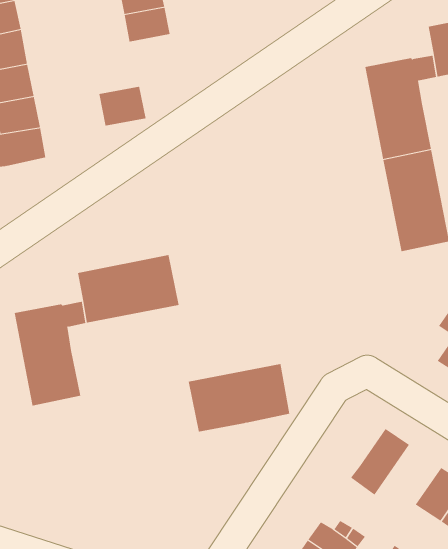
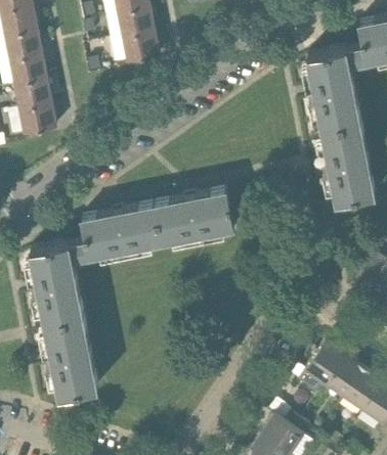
building: [98,86,146,126] -> [121,33,159,64]
building: [188,363,290,432] -> [153,192,233,246]
building: none -> [44,318,97,399]
building: none -> [322,357,368,404]

